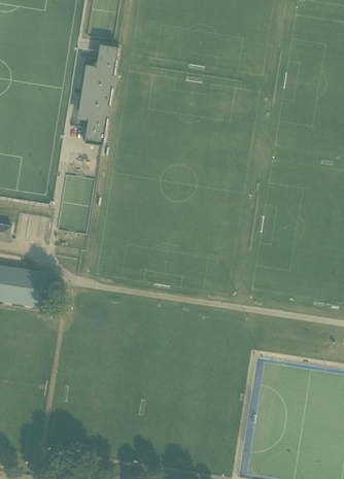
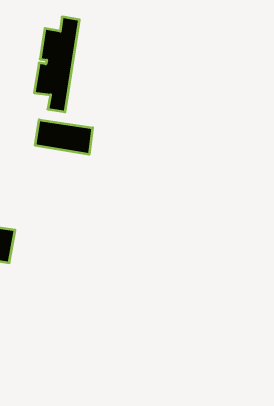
building: none -> [35,120,93,154]

